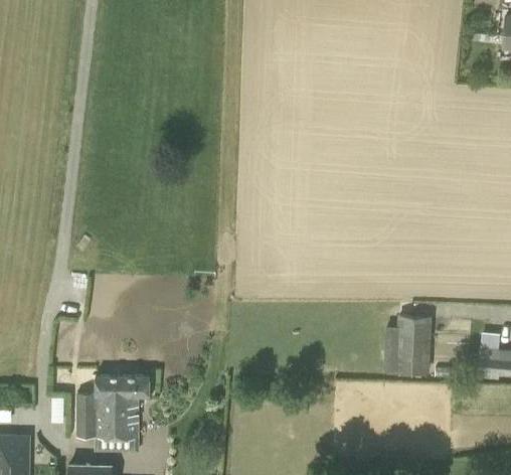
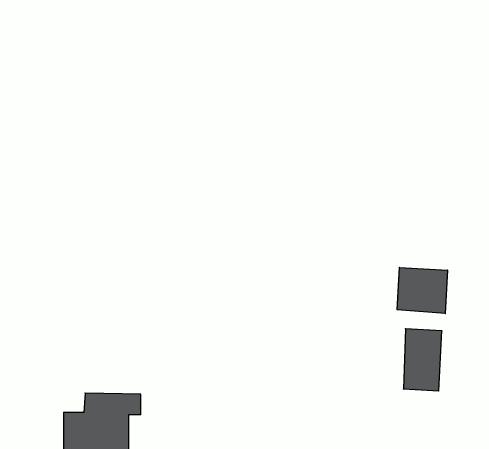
building: none -> [397,267,447,314]

